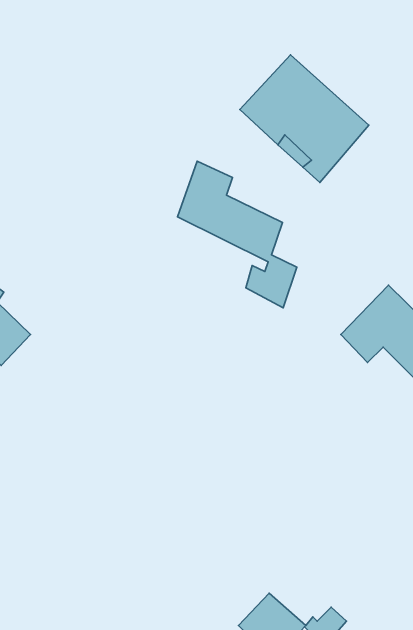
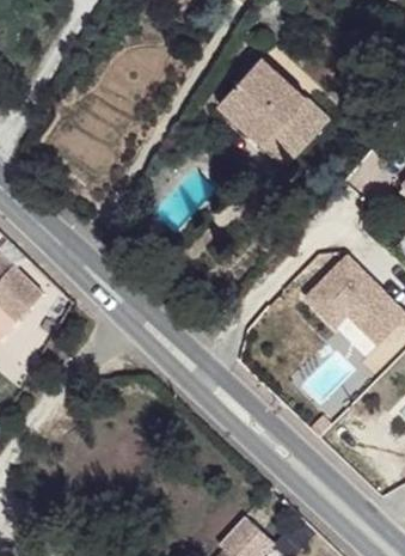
building: [177,161,297,308] -> none

